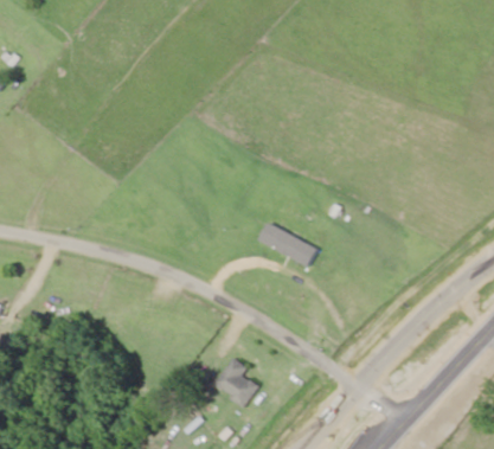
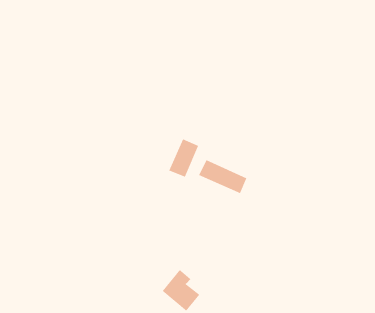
building: none -> [169,138,199,178]

